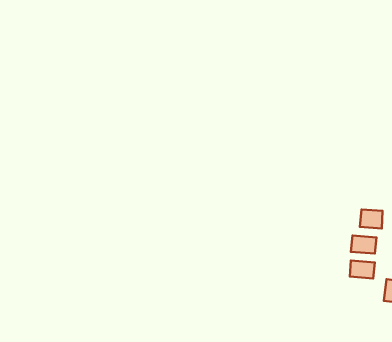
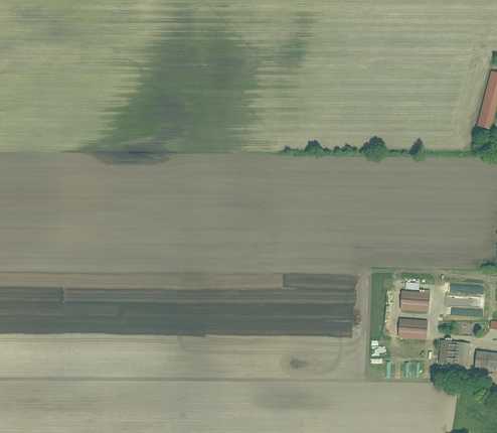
building: [360,209,383,229] -> none

